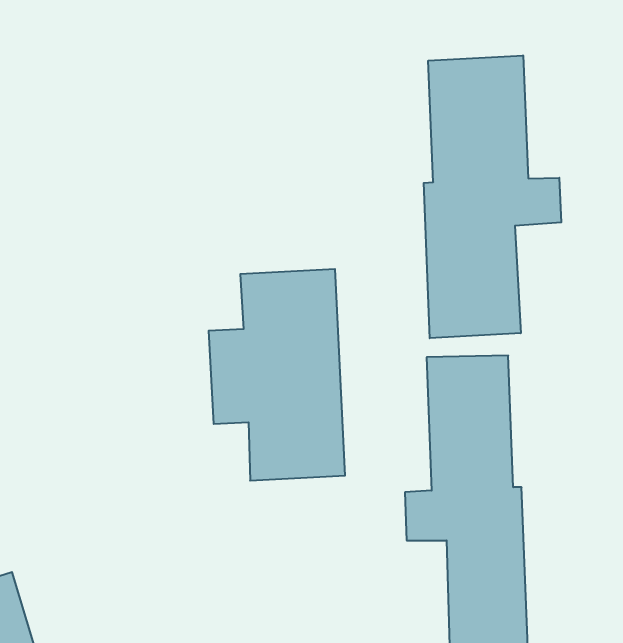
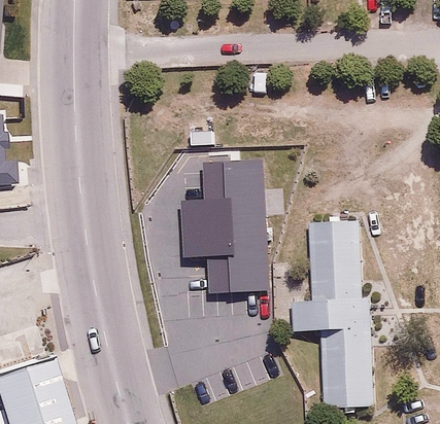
building: [424,55,561,338] -> none

